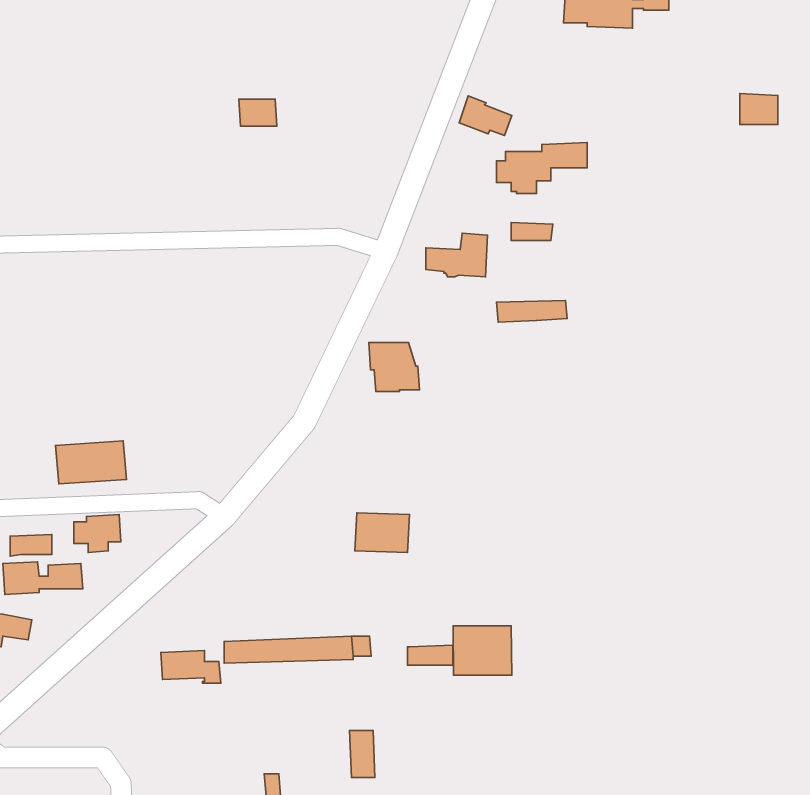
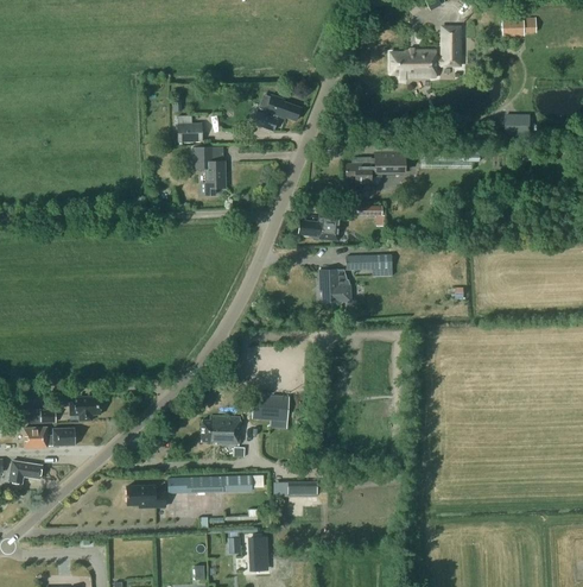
building: [459,96,512,136] -> [265,95,299,121]
building: none -> [192,146,226,195]
building: [369,343,420,392] -> [317,270,350,302]
building: [56,441,126,484] -> none
building: none -> [201,417,240,446]
building: [453,626,512,675] -> none

